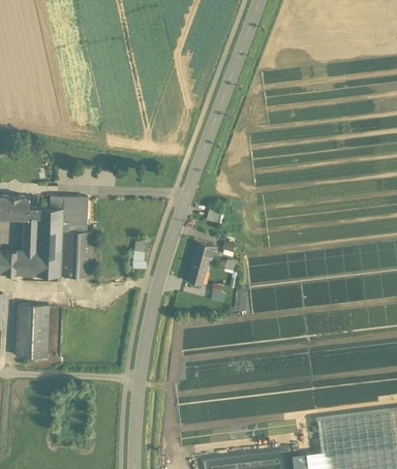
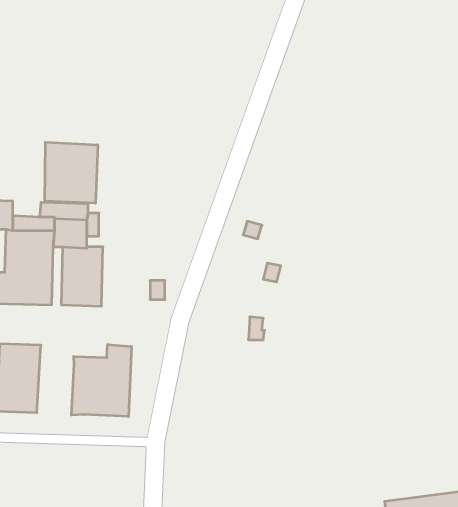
building: none -> [45,142,98,203]
building: [186,243,215,285] -> none
building: none -> [71,344,131,417]

